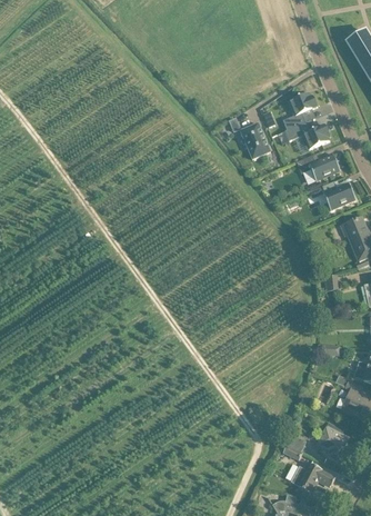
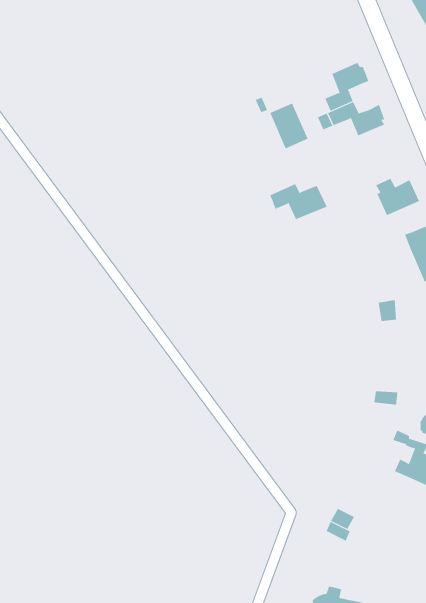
building: [295,152,340,180] -> [269,184,327,220]
building: [319,426,351,463] -> none
building: [290,463,334,492] -> none

